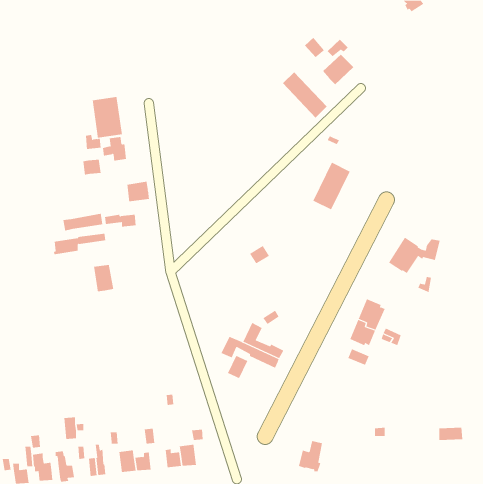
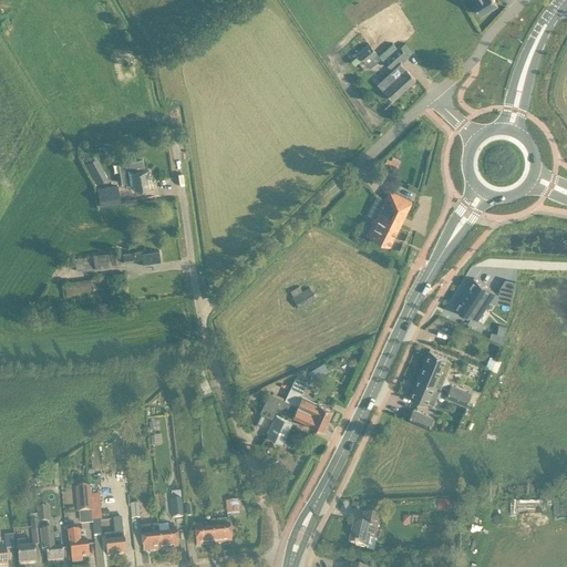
building: [282,72,328,118] -> none
building: [92,96,122,139] -> none
building: [127,181,149,202] -> none
building: [93,264,114,292] -> none

